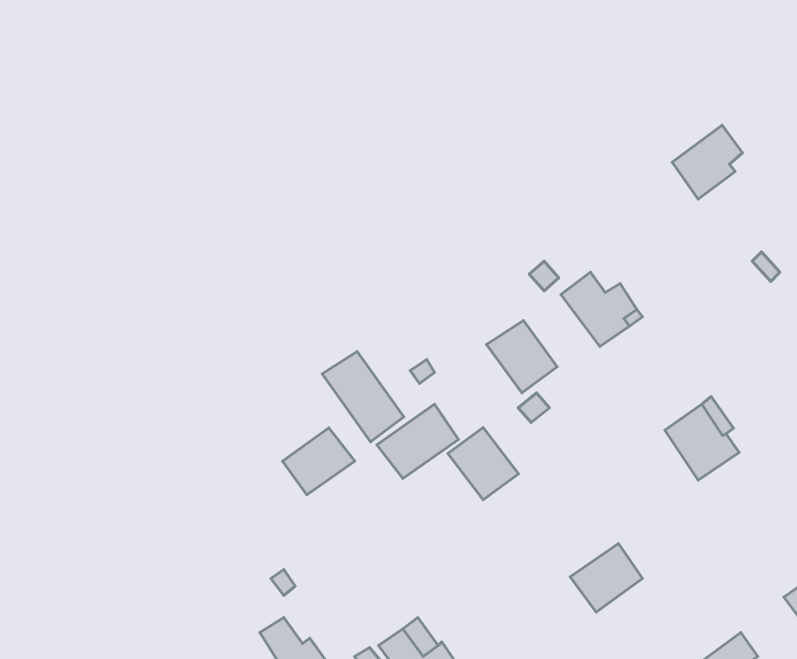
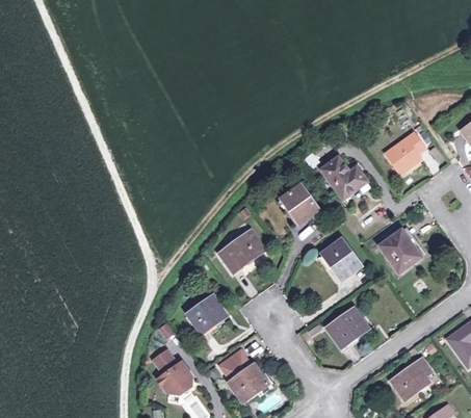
building: [672,125,743,199] -> [386,132,425,174]
building: [322,352,404,442] -> none
building: [448,427,519,500] -> [321,240,361,281]
building: [283,428,355,495] -> [187,296,228,334]

